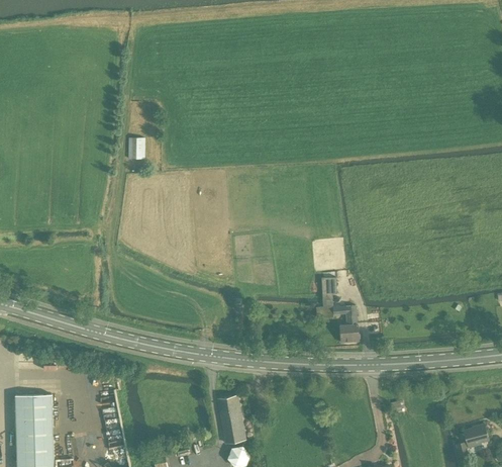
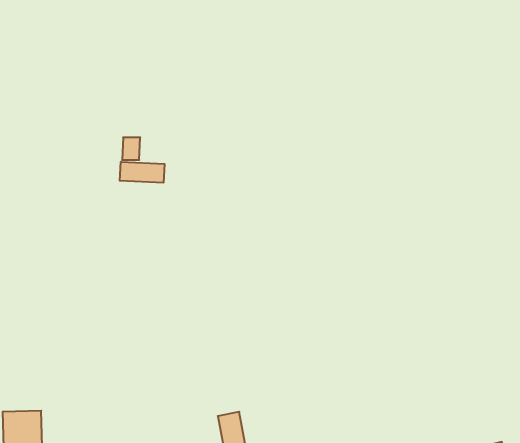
building: none -> [120,162,165,183]
building: [316,277,359,342] -> none

